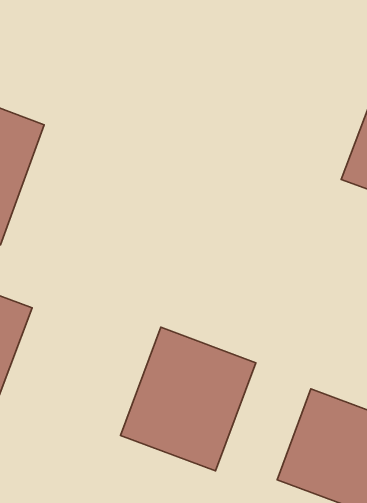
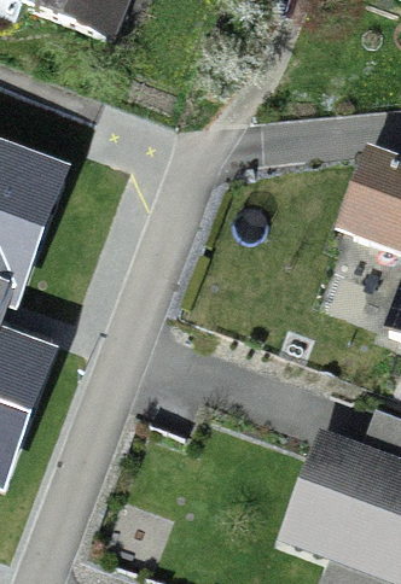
building: [120,327,256,471] -> none

